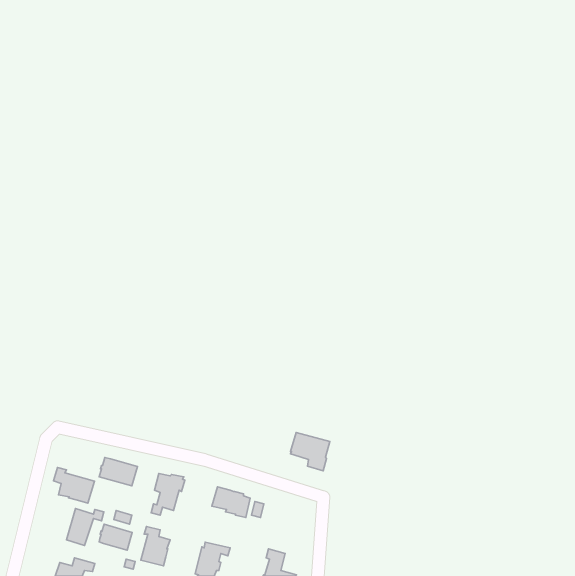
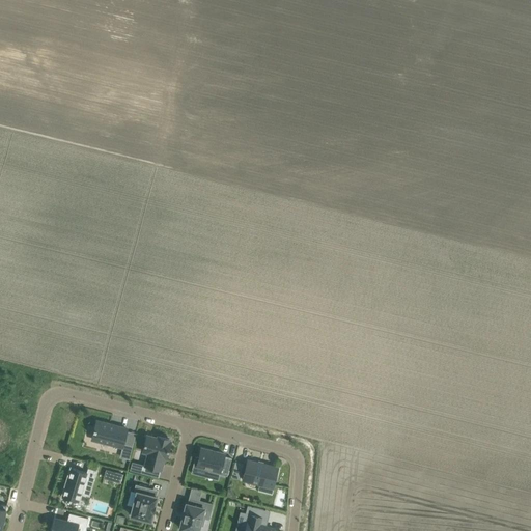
building: [291,432,330,471] -> [242,459,278,495]
building: [54,467,94,503] -> none
building: [99,524,132,550] -> none

